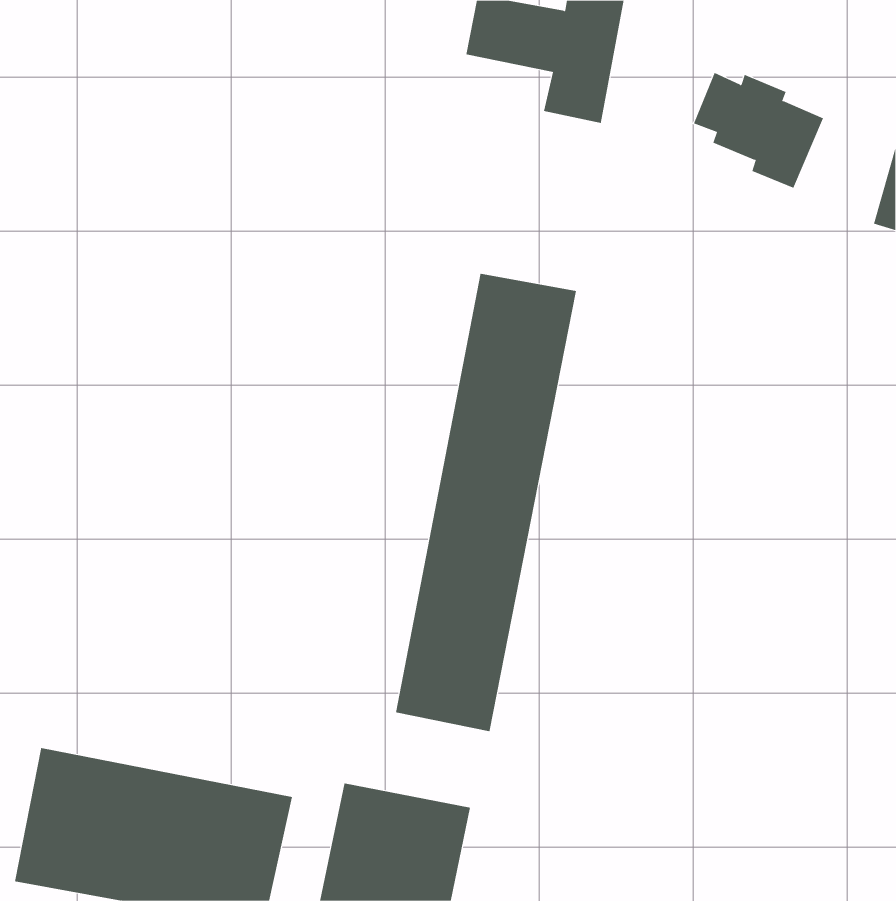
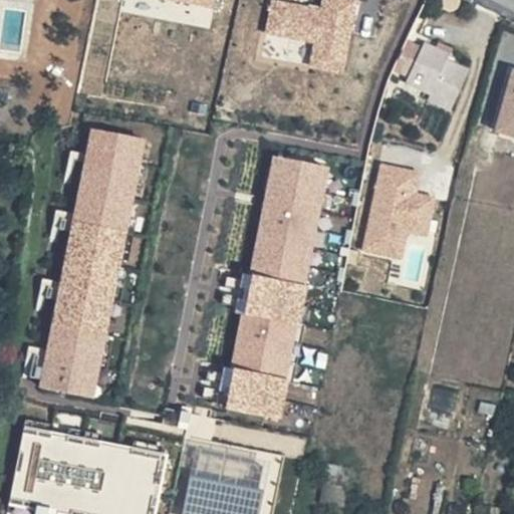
building: none -> [40,127,144,397]
building: none -> [361,163,435,258]

